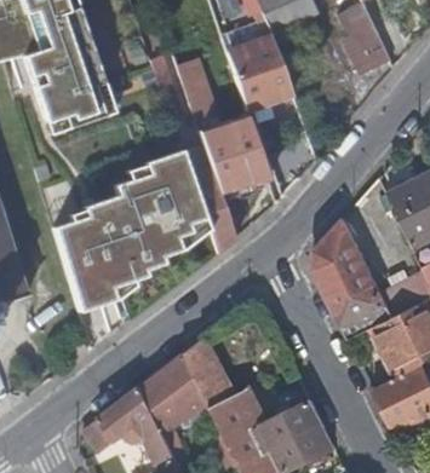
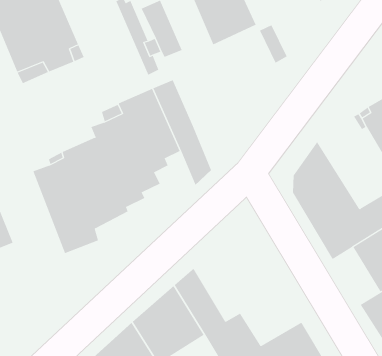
building: [199,115,269,192] -> none

